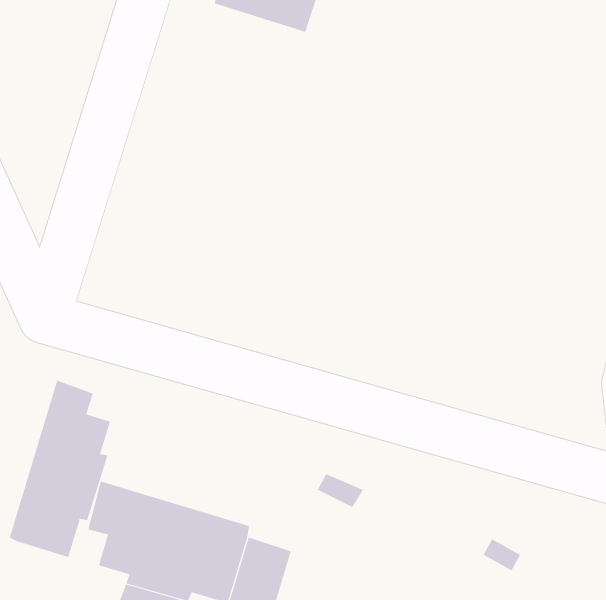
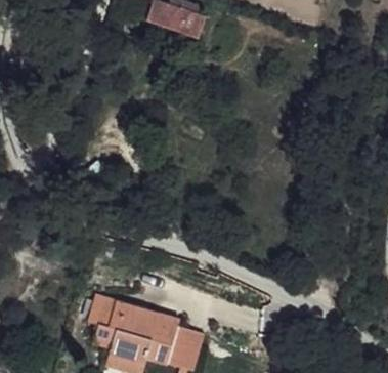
building: [9,380,111,558] -> none

